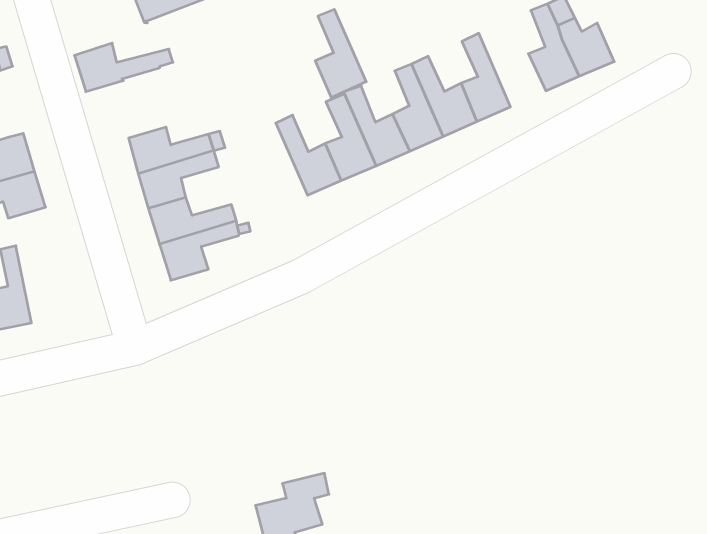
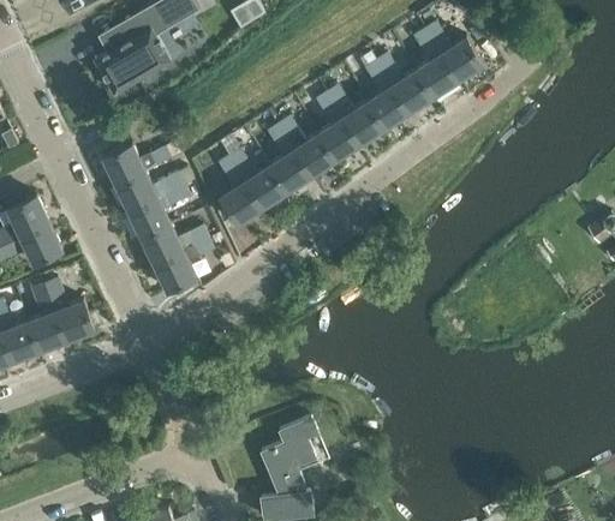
building: [315,9,366,98] -> [216,157,262,226]
building: none -> [374,55,432,115]
building: [74,43,173,92] -> [103,144,180,187]
building: none -> [43,280,92,342]

